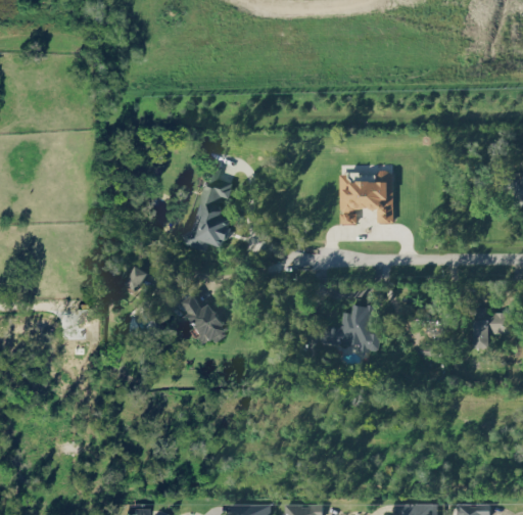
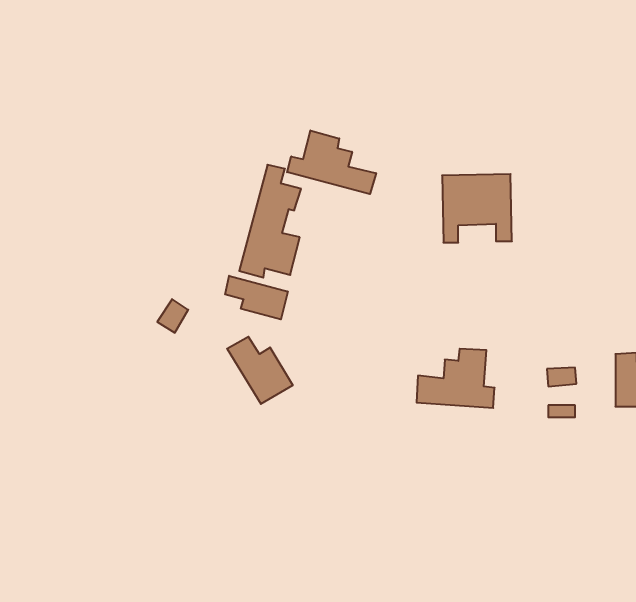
building: none -> [287,130,376,194]
building: none -> [225,276,288,319]

